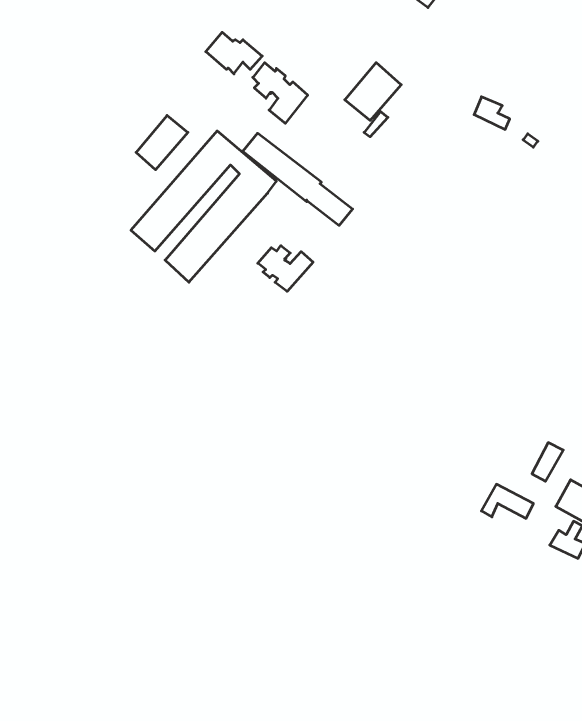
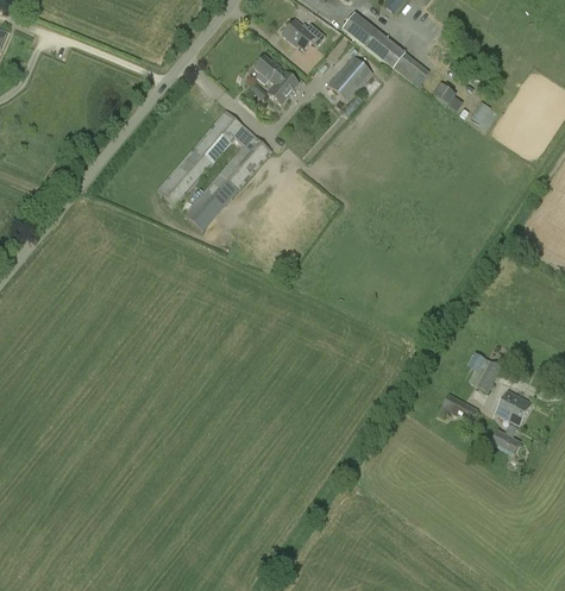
building: [206,32,262,74] -> [281,17,326,50]
building: [136,115,188,170] -> none
building: [243,133,353,225] -> [341,12,429,86]
building: [258,246,313,291] -> none

